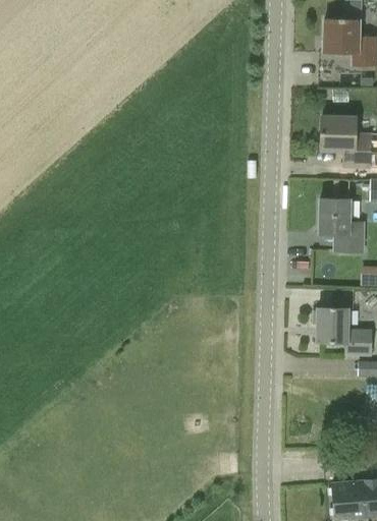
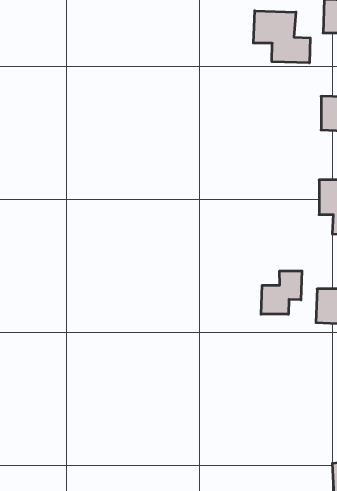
building: none -> [253,11,310,63]
building: none -> [261,271,302,314]

